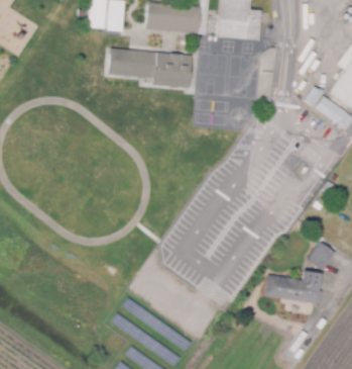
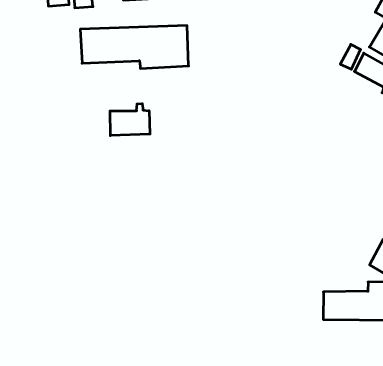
building: none -> [110,104,150,136]

